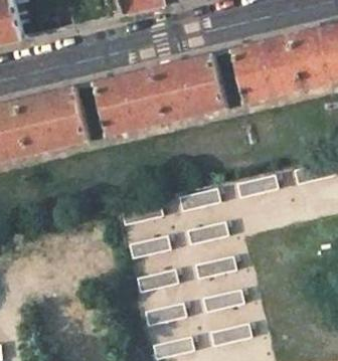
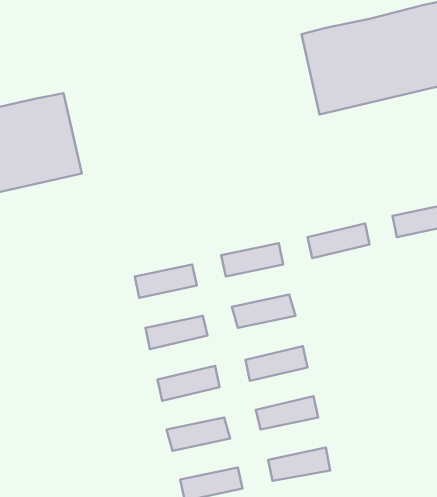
building: [94,53,226,135] -> none

